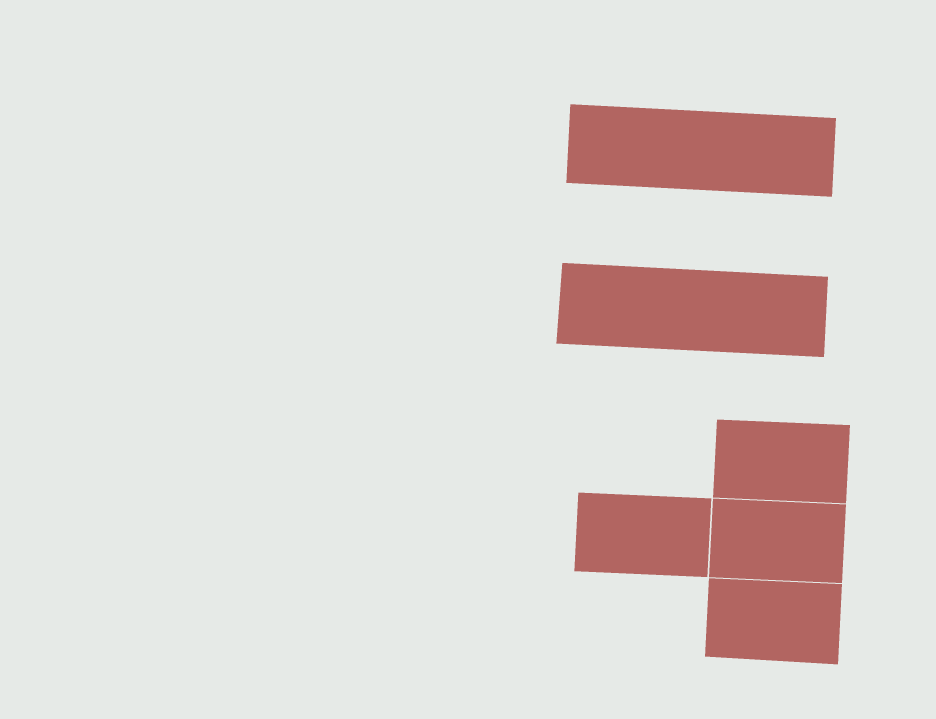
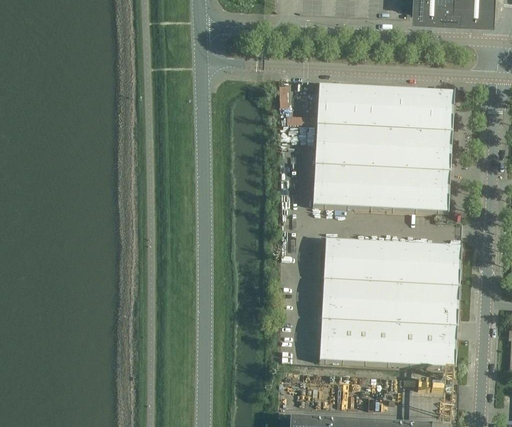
building: none -> [315,125,452,172]
building: none -> [323,241,393,284]
building: none -> [319,321,389,364]

